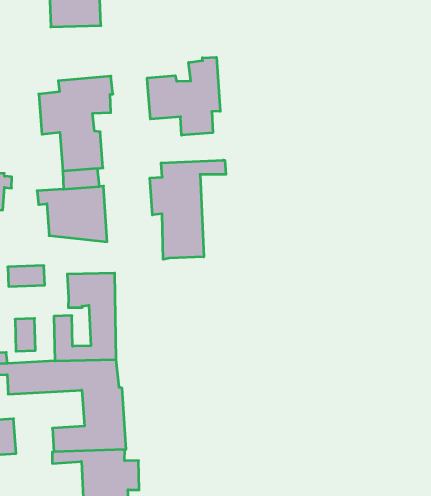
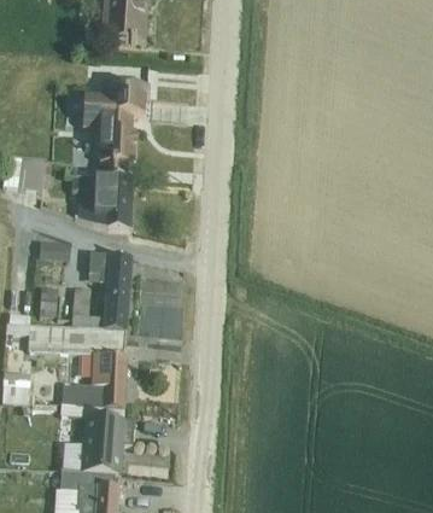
building: [147,57,220,135] -> none
building: [150,160,226,259] -> none

